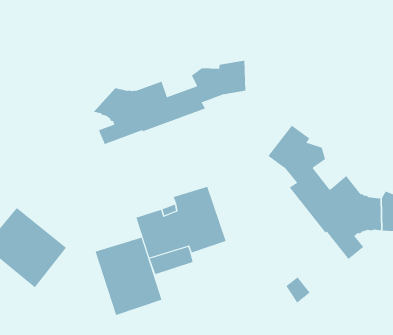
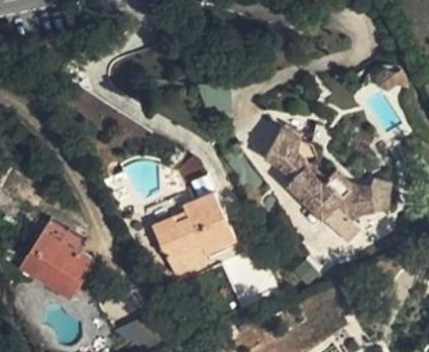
building: [93,60,246,145] -> none
building: [95,237,162,316] -> none

